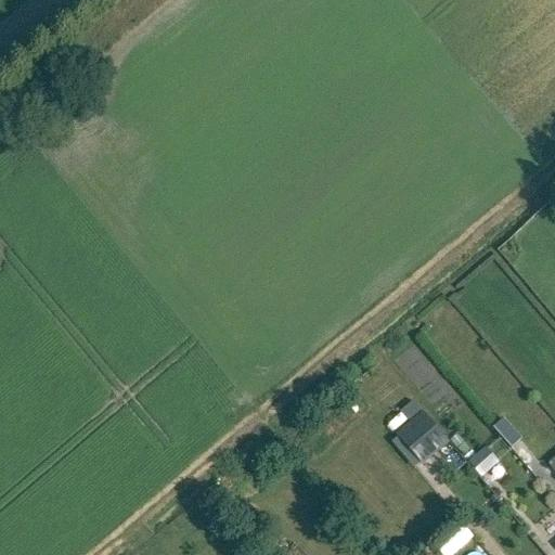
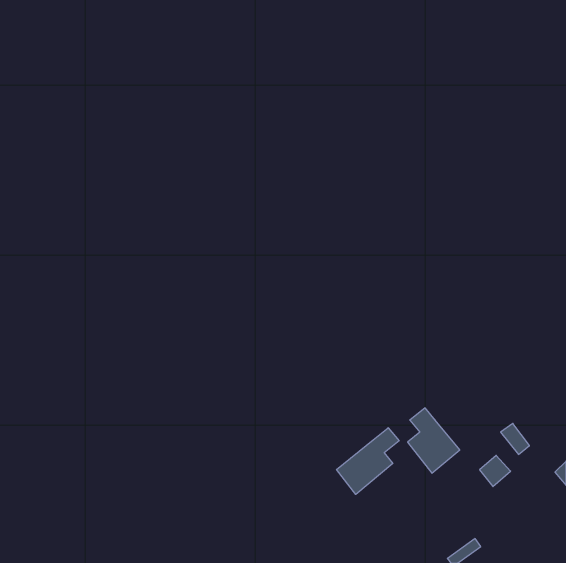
building: none -> [337,428,399,494]

